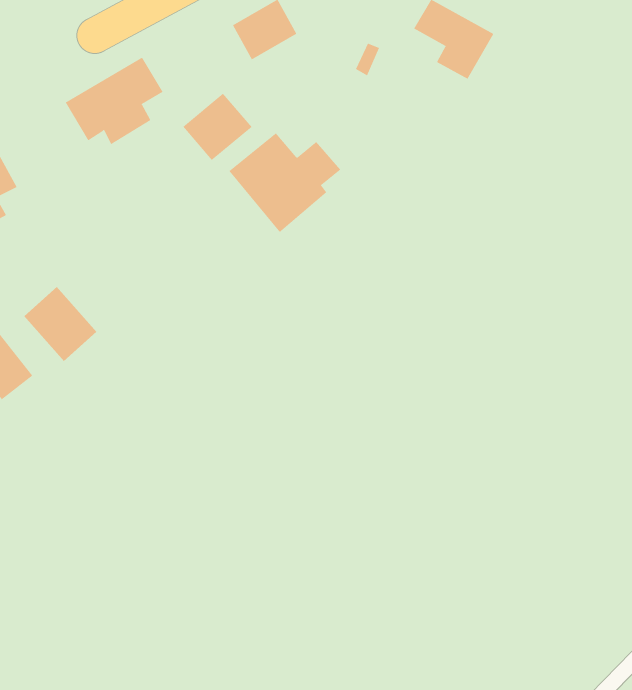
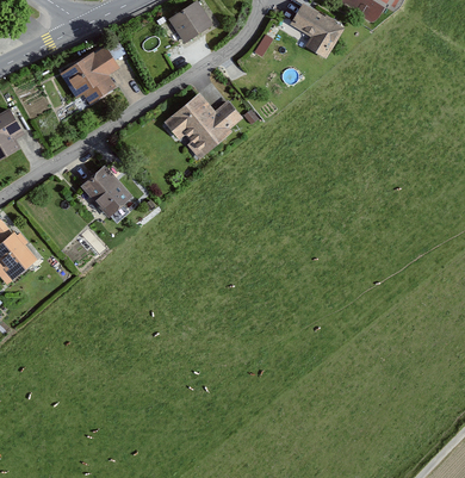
building: [182,93,253,161] -> none
building: [23,286,97,362] -> [80,164,130,216]

